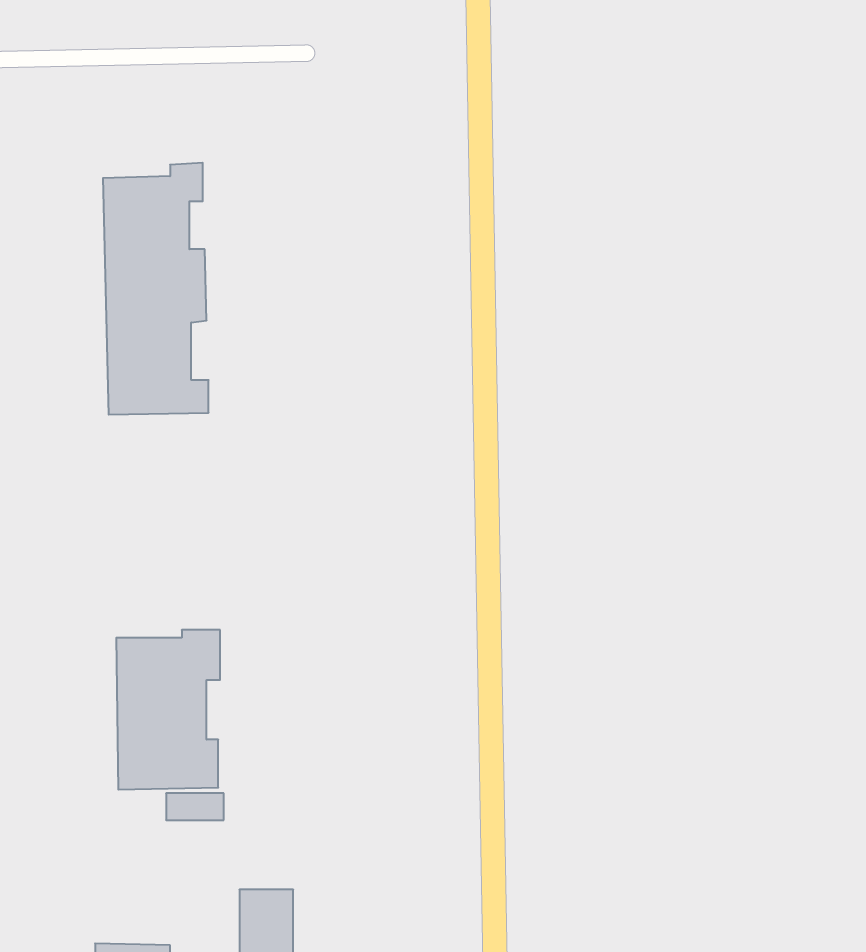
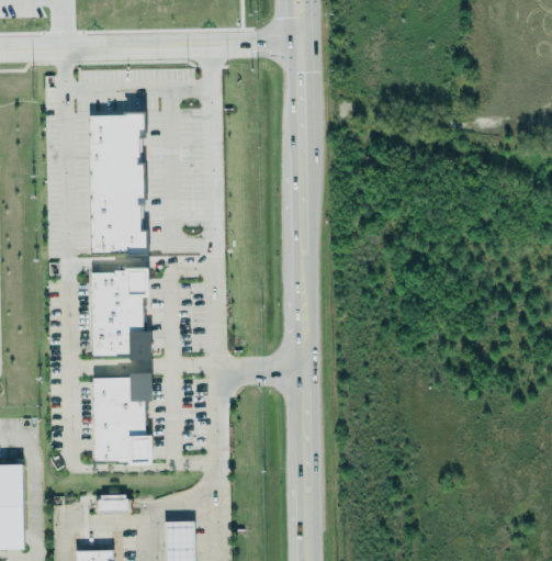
building: none -> [91,262,153,358]
building: [166,793,224,820] -> [95,496,128,512]

